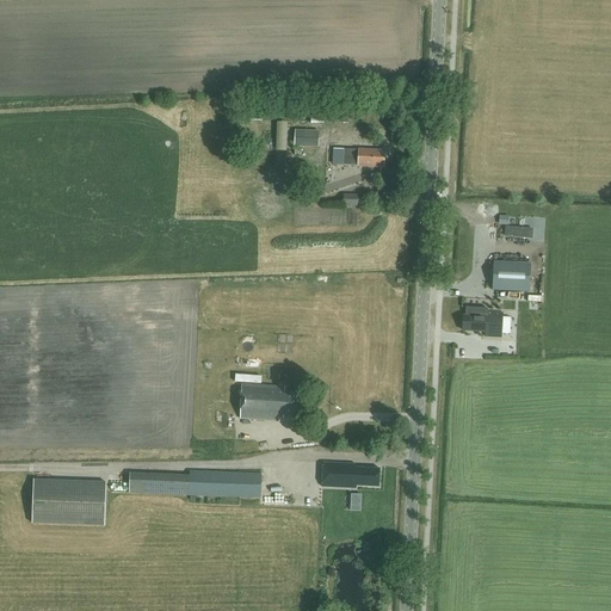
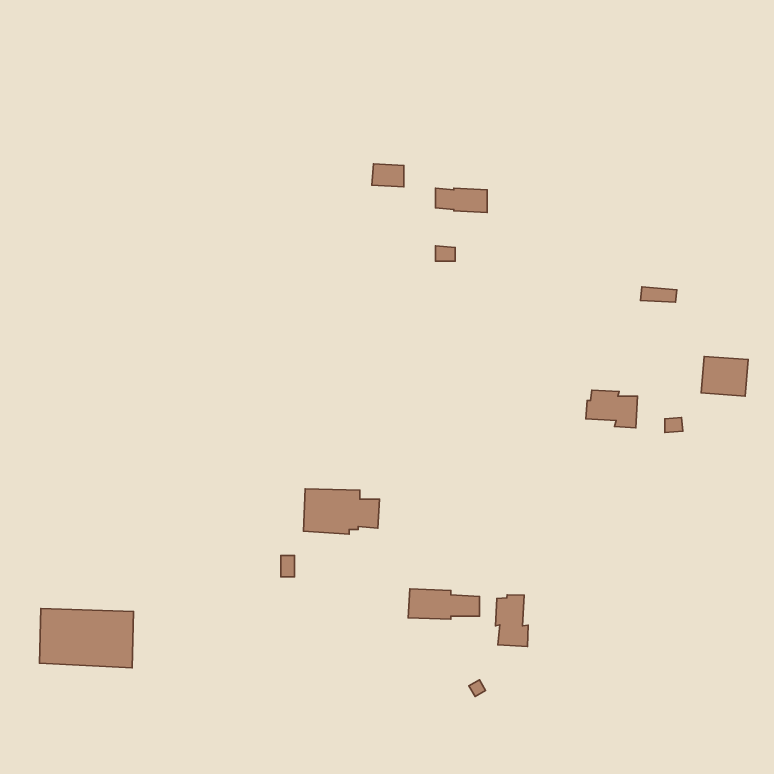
building: [492,255,529,286] -> [701,357,748,396]
building: none -> [495,595,528,647]
building: [128,470,260,498] -> none

